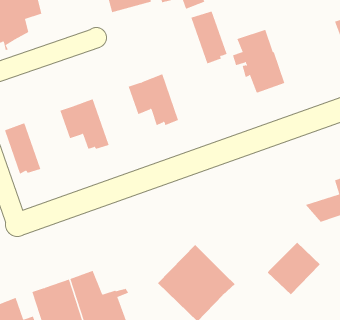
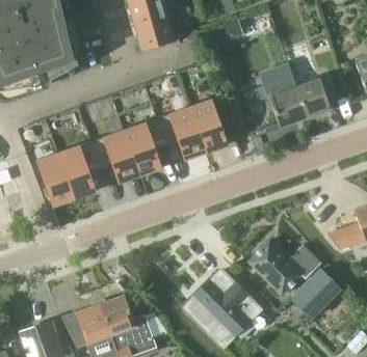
building: [191,11,227,64] -> [190,101,226,152]
building: none -> [297,78,331,117]
building: none -> [124,119,166,175]
building: none -> [58,142,101,198]
building: none -> [247,239,321,296]

